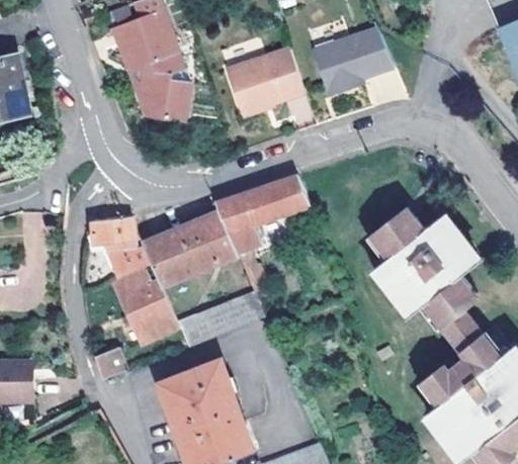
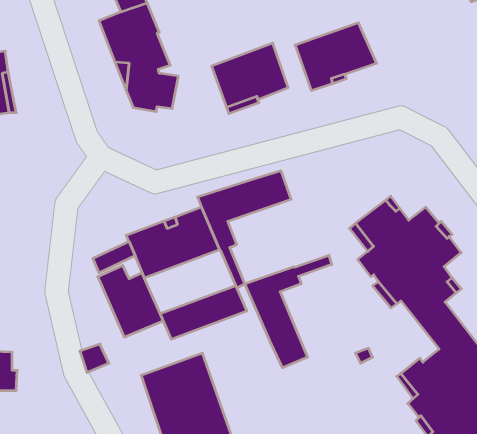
building: [90,216,144,253] -> none
building: none -> [245,255,332,368]

